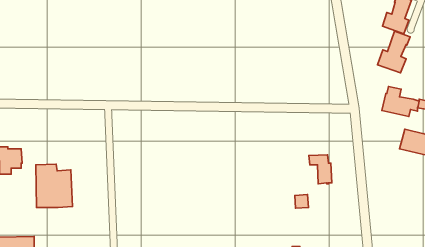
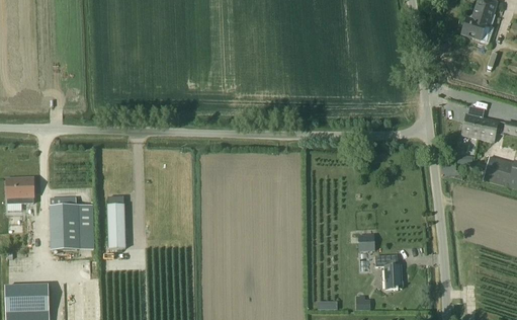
building: [378,31,410,73] -> none
building: [309,155,332,184] -> [374,254,402,289]
building: none -> [107,195,125,248]

